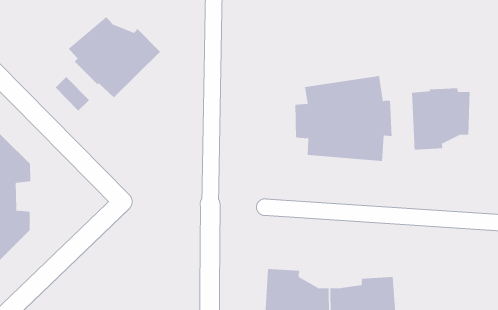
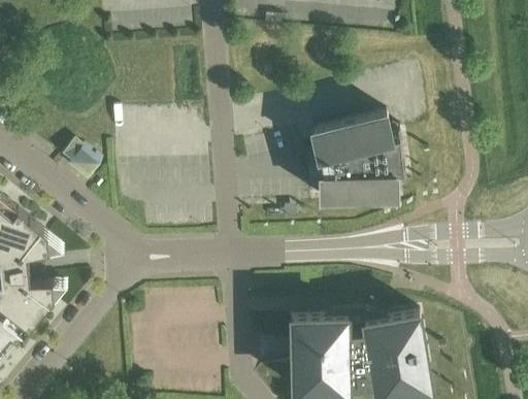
building: [68,16,161,98] -> none
building: [411,87,470,150] -> none

